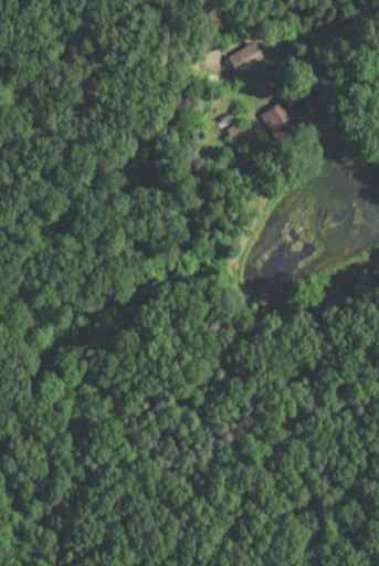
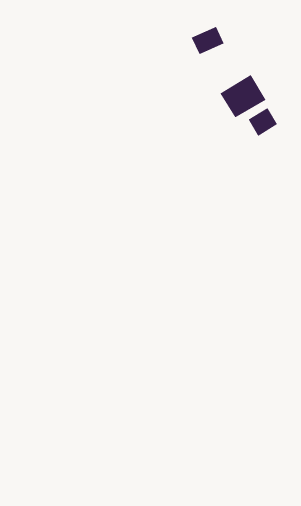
building: none -> [248,107,278,137]

